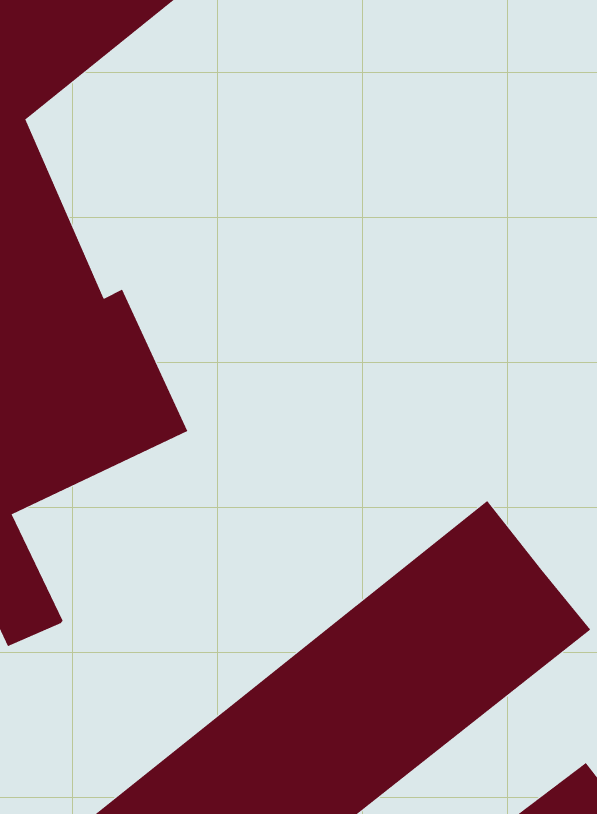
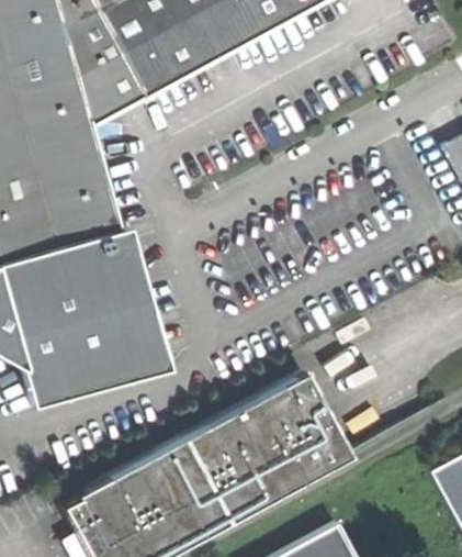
building: none -> [50,304,170,396]

